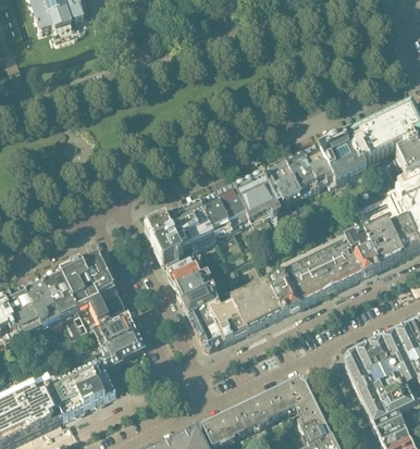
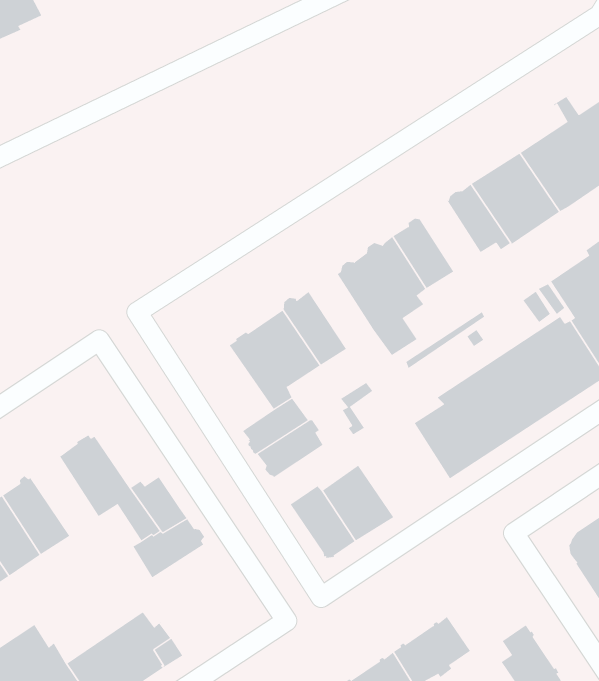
building: [285,152,318,195] -> none
building: [215,186,249,229] -> none
building: [146,219,186,267] -> none
building: [82,251,115,292] -> none
building: [41,270,82,338] -> none
building: [230,274,282,329] -> none
building: [181,283,221,314] -> none
building: [99,330,144,367] -> none
building: [270,376,314,412] -> none

